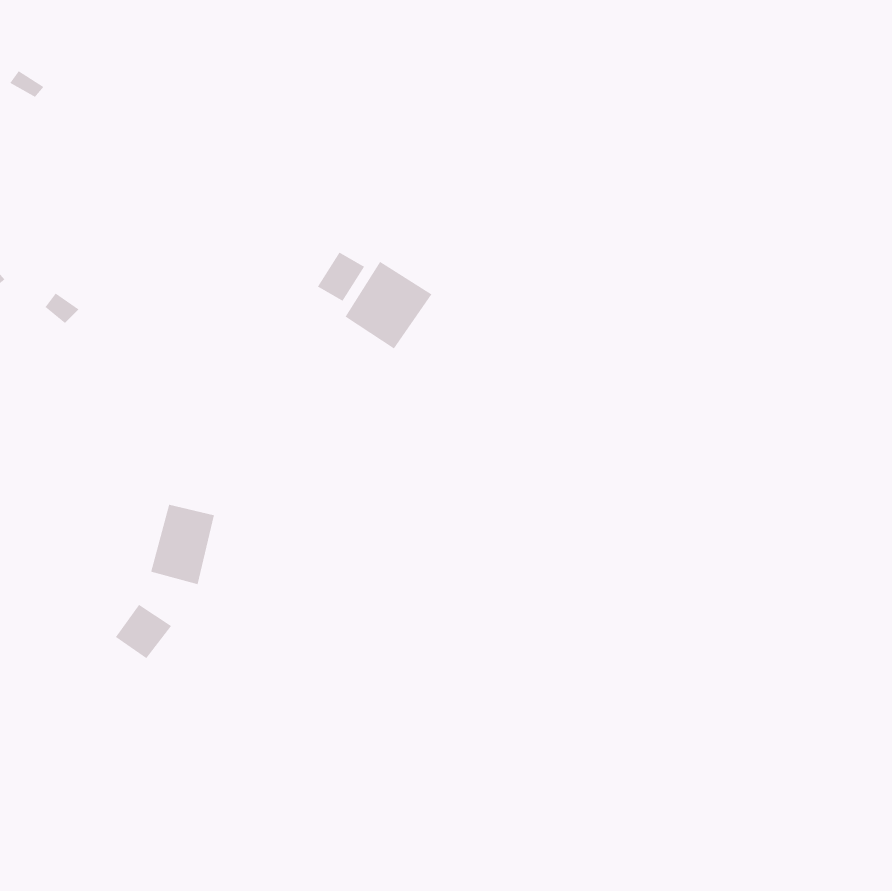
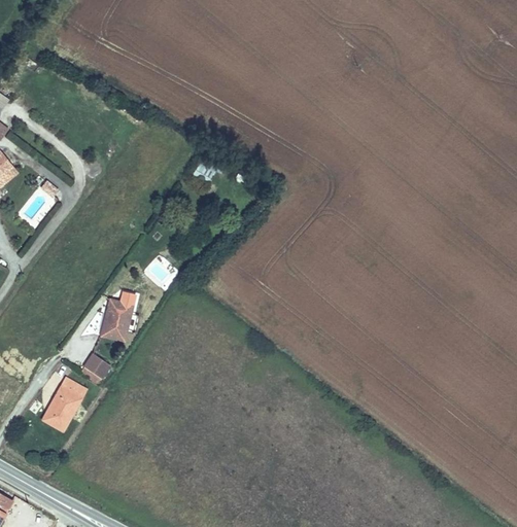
building: [345,261,433,350] -> none
building: none -> [40,385,82,431]

